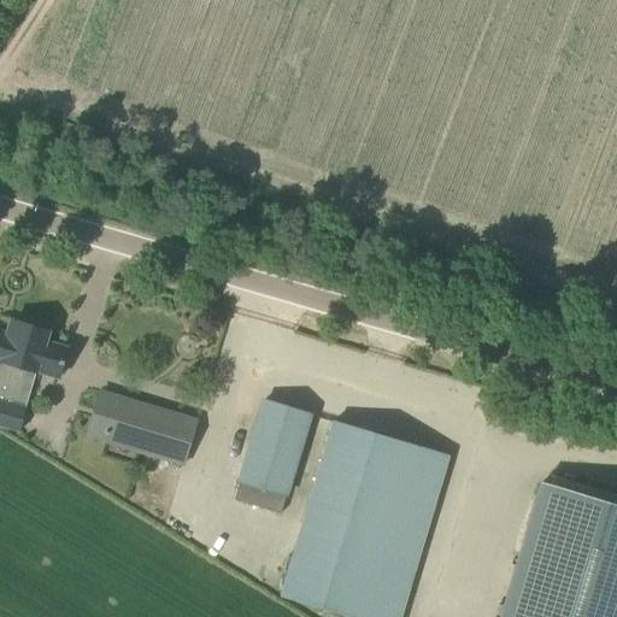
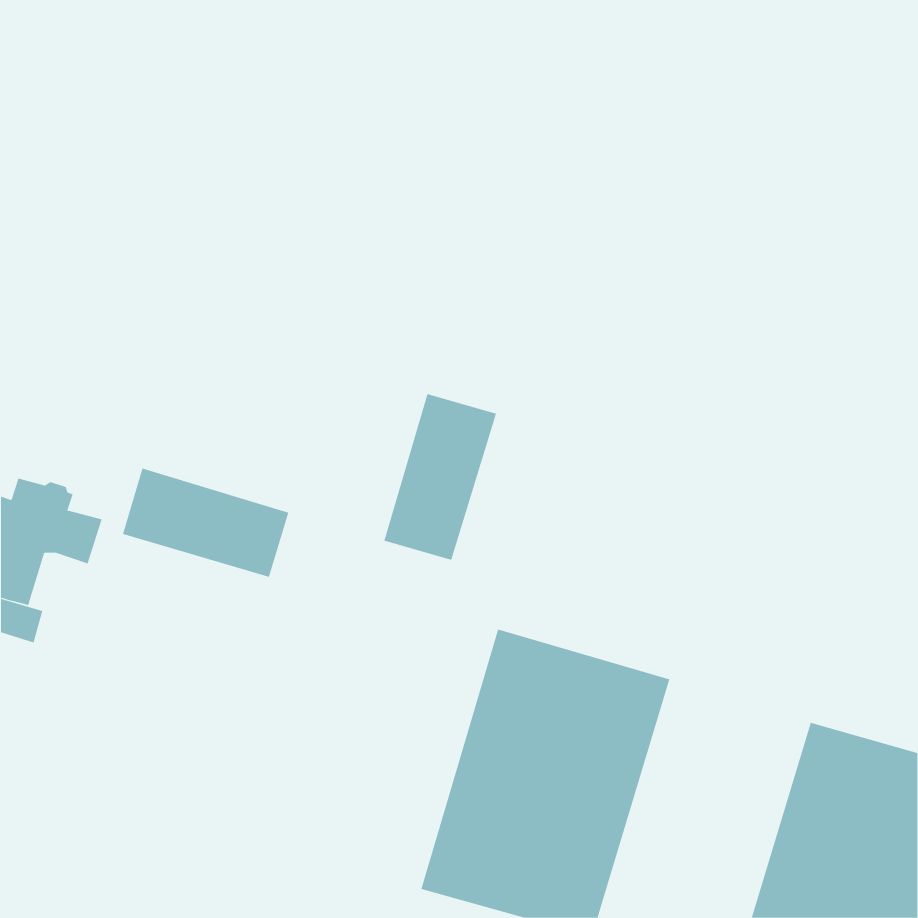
building: [86,390,198,464] -> [122,468,289,577]
building: [235,401,311,513] -> [384,394,497,561]

